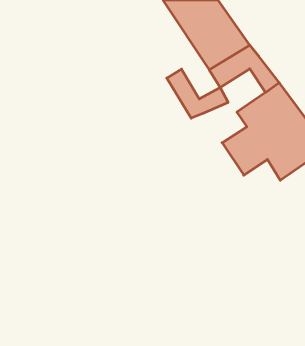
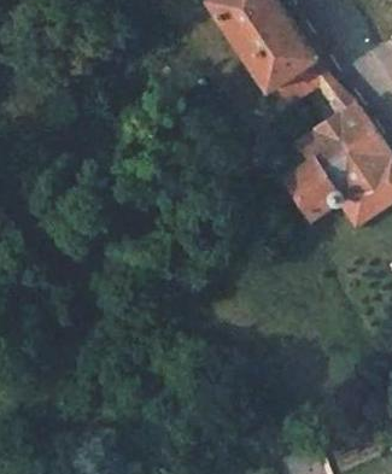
building: [167,69,228,118] -> none

